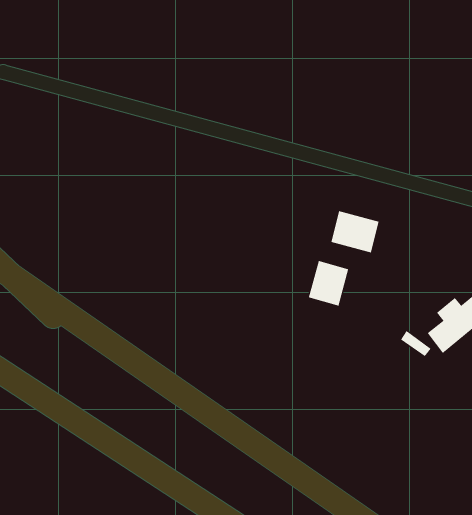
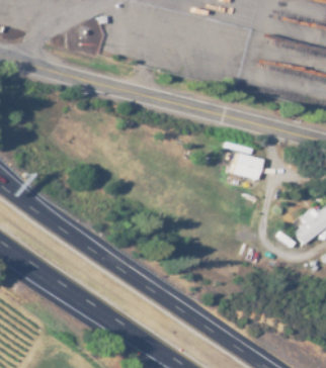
building: [308,260,349,307] -> none

